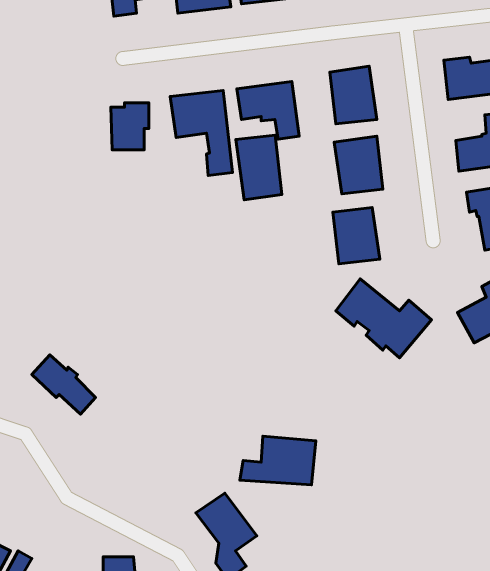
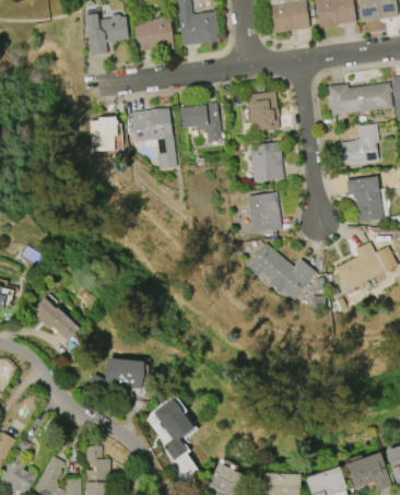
building: [236,135,282,200] -> none
building: [240,436,316,485] -> [90,358,144,393]

